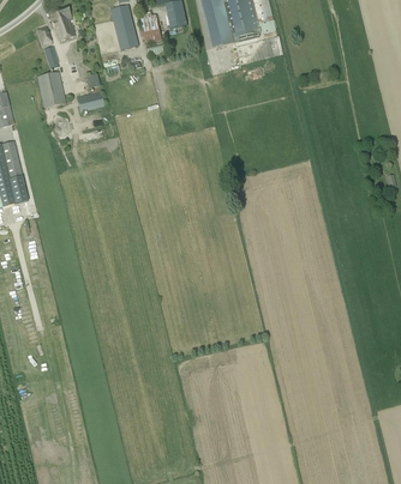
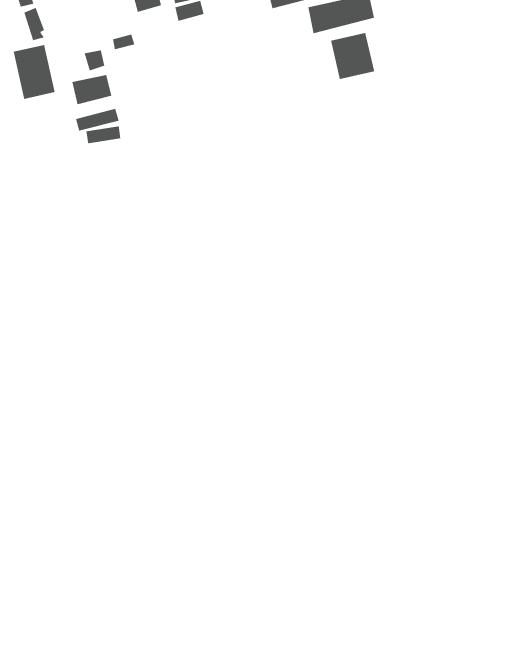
building: none -> [331,32,375,80]

